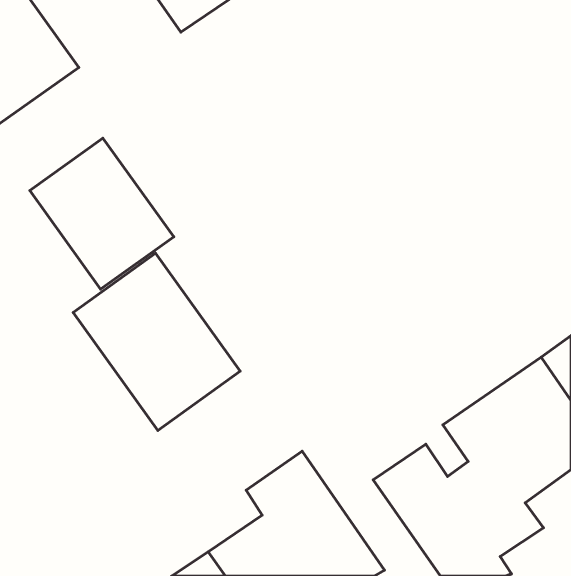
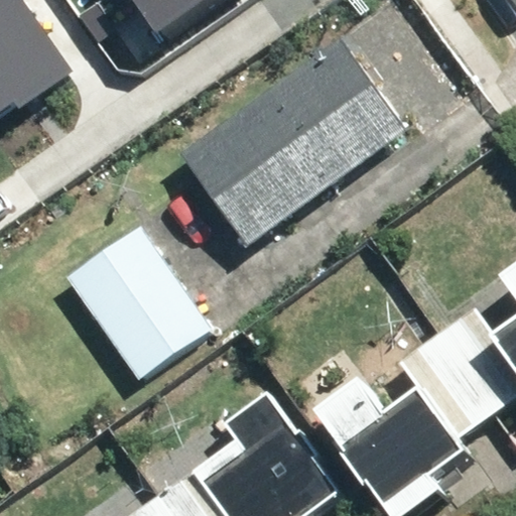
building: none -> [183,56,391,245]
building: [30,138,174,289] -> none

